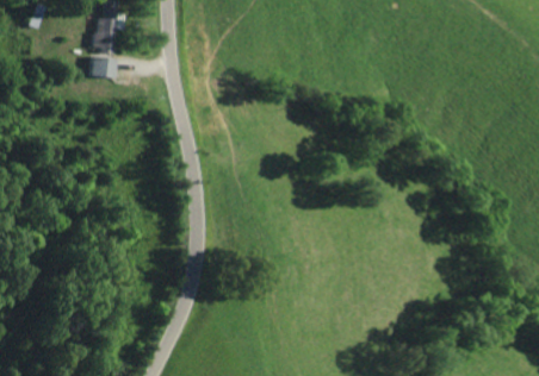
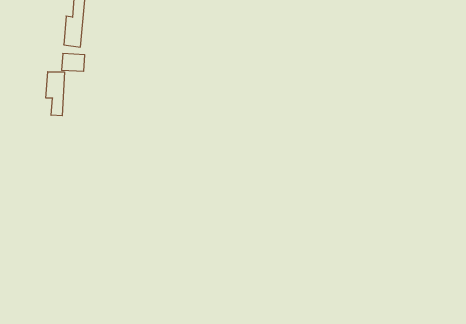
building: none -> [46,72,64,116]

